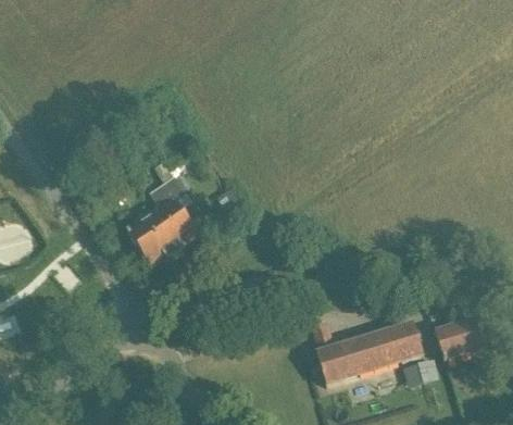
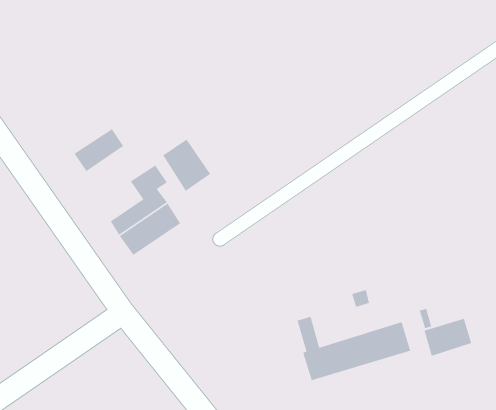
building: none -> [73,128,124,172]
building: none -> [162,139,211,192]

